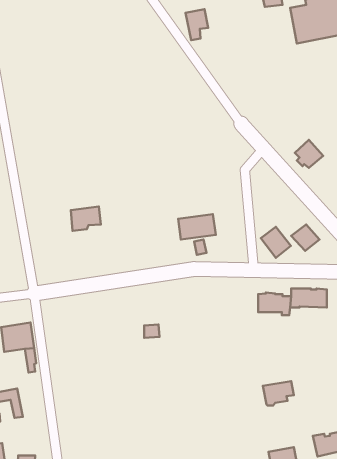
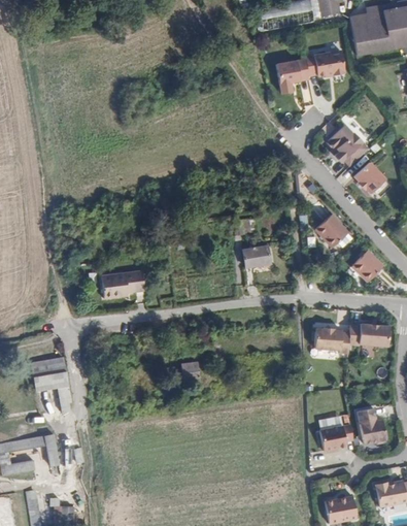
building: [186,9,208,40] -> [277,60,302,94]
building: none -> [305,51,344,75]
building: none -> [328,126,368,166]
building: [71,206,101,231] -> [106,267,139,294]
building: [261,227,291,258] -> [314,215,347,249]
building: none -> [359,409,391,446]

